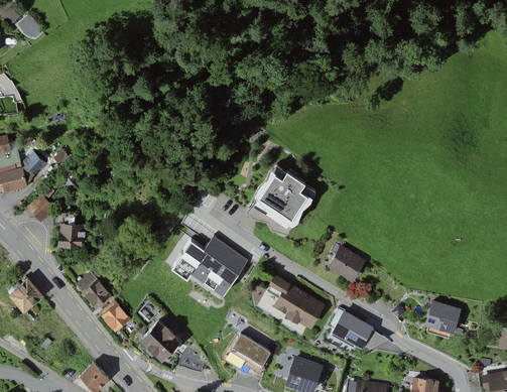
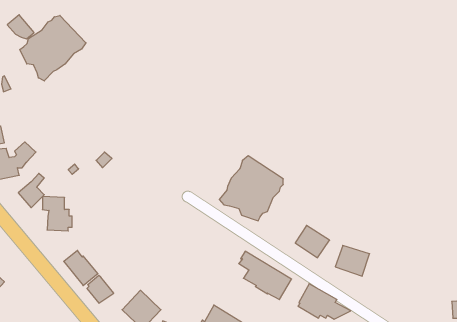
building: none -> [20,15,86,81]
building: [170,228,250,291] -> none
building: [11,280,44,313] -> none
building: [423,299,461,333] -> [335,245,370,276]

